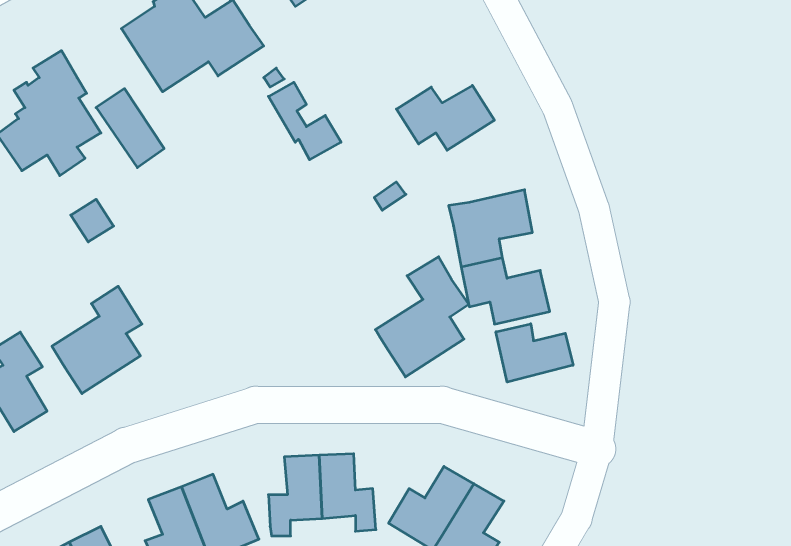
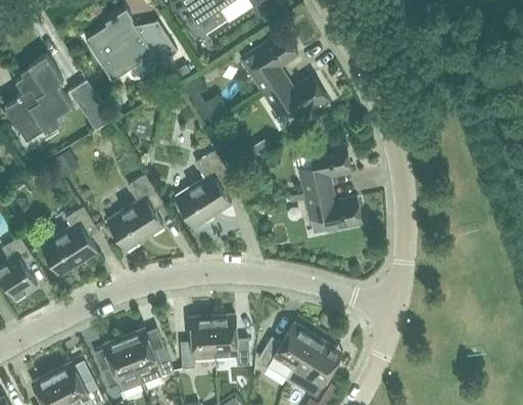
building: none -> [240,33,297,93]
building: none -> [106,175,164,252]
building: [375,257,469,377] -> [174,151,234,229]
building: [496,324,573,382] -> none

